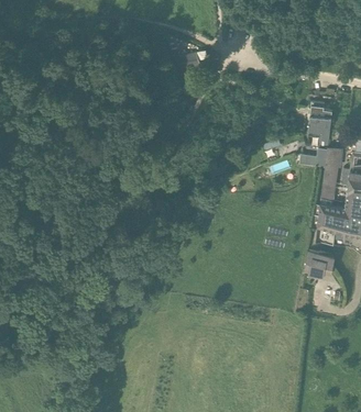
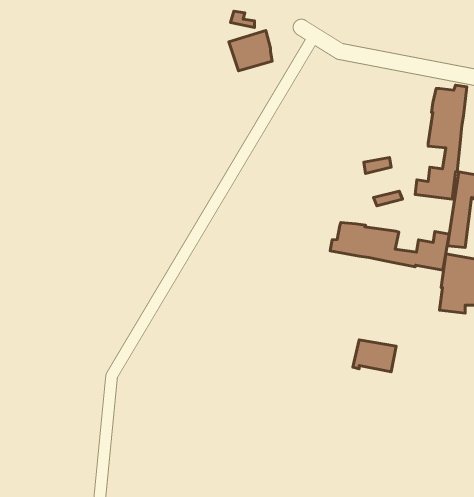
building: none -> [330,223,449,270]
building: [305,253,335,275] -> [353,340,396,372]

